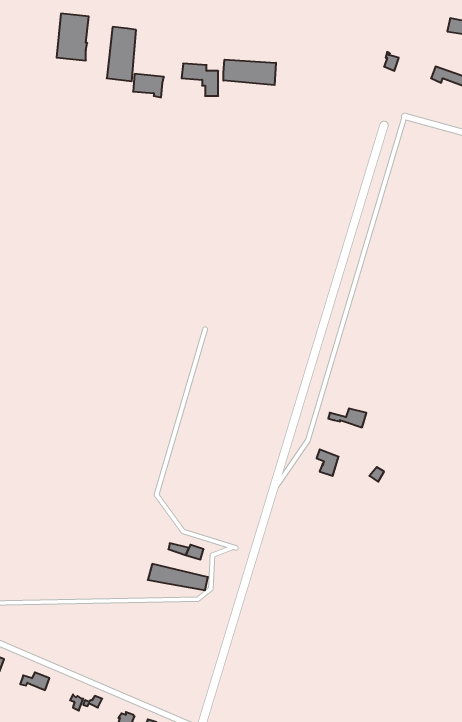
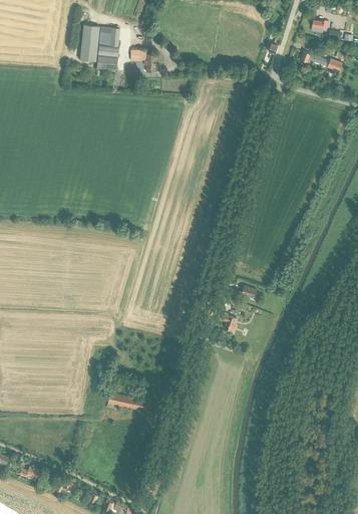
building: [57,14,89,60] -> [97,26,119,58]
building: [223,60,276,85] -> none

